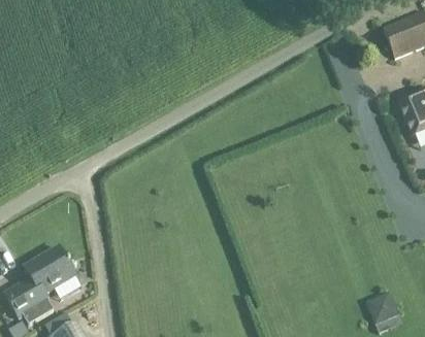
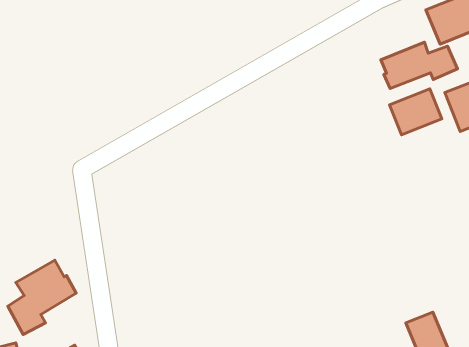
building: none -> [381,42,457,88]
building: none -> [389,89,442,135]

